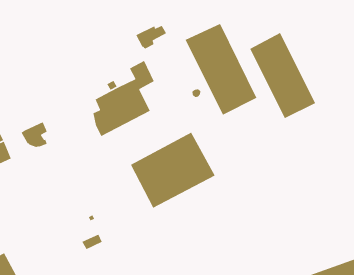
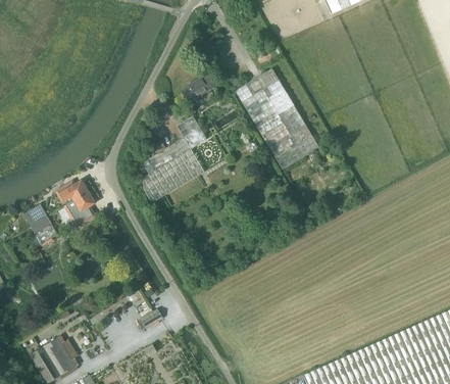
building: [249,32,316,119] -> none
building: none -> [56,180,88,202]
building: [130,132,216,209] -> none

